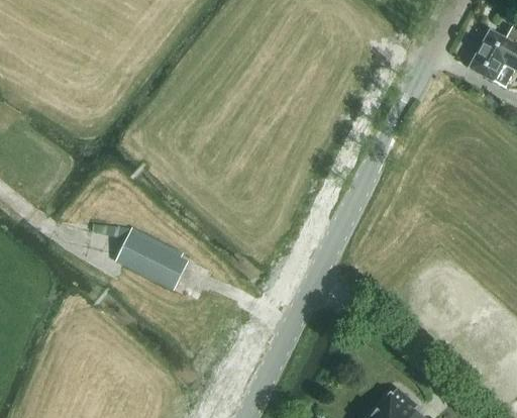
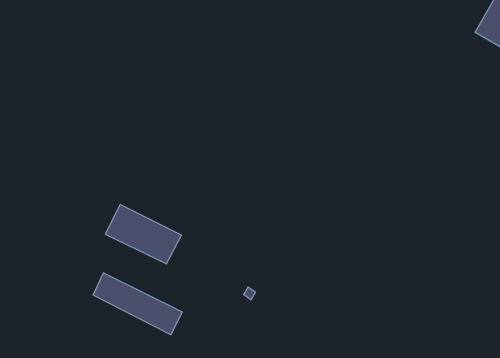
building: none -> [93,273,182,335]

